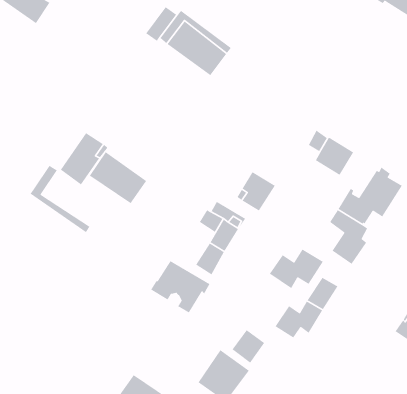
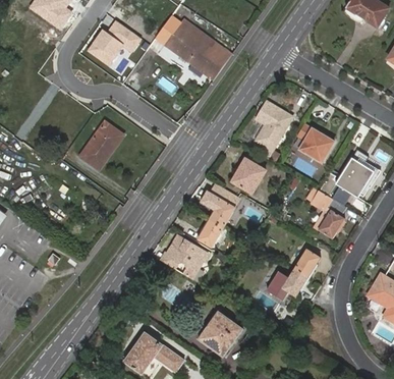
building: none -> [85,20,140,66]
building: none -> [254,100,292,151]
building: [89,151,147,204] -> none
building: [29,165,90,233] -> none
building: [269,248,324,289] -> none
building: [232,329,265,363] -> none

